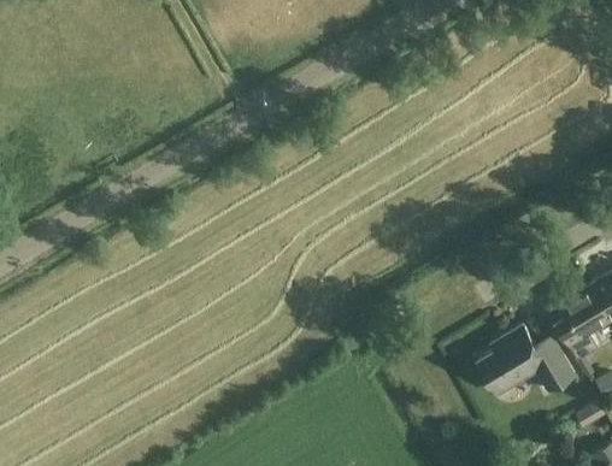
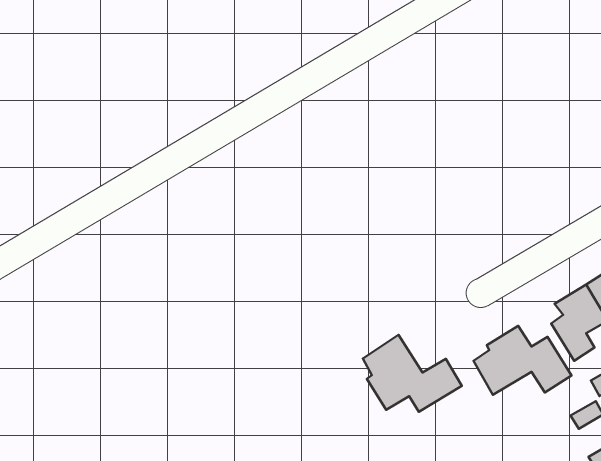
building: none -> [363,335,462,412]

